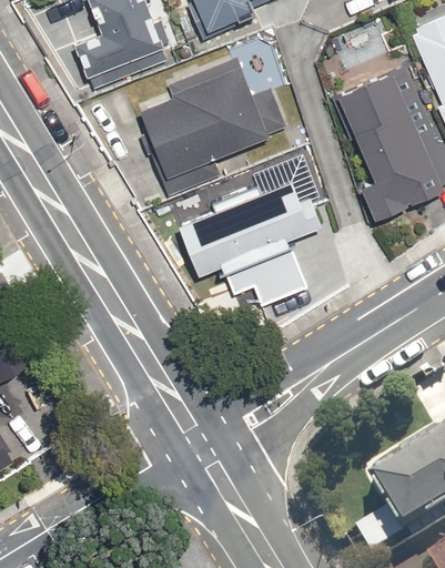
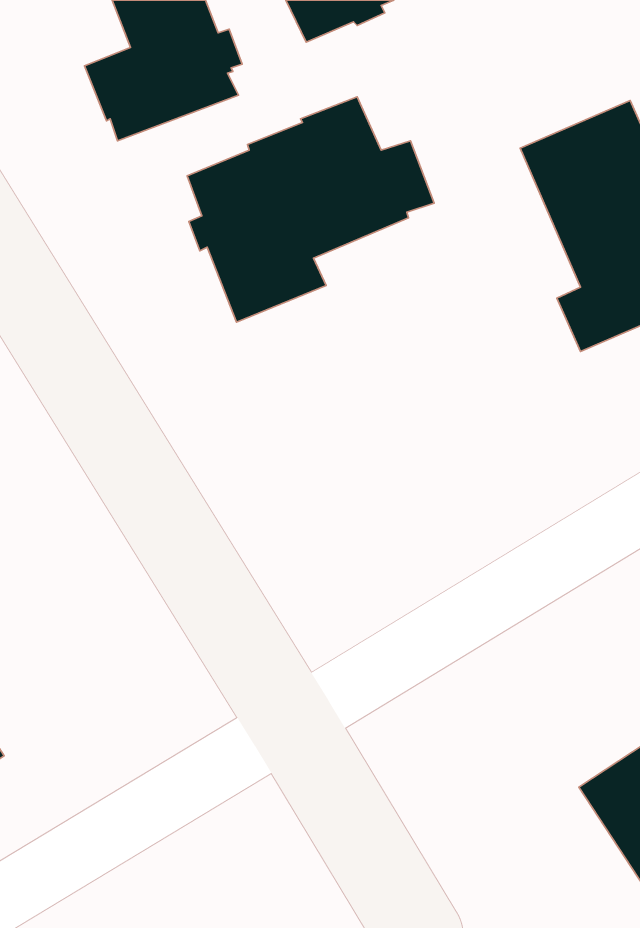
building: [179,178,322,305] -> none

